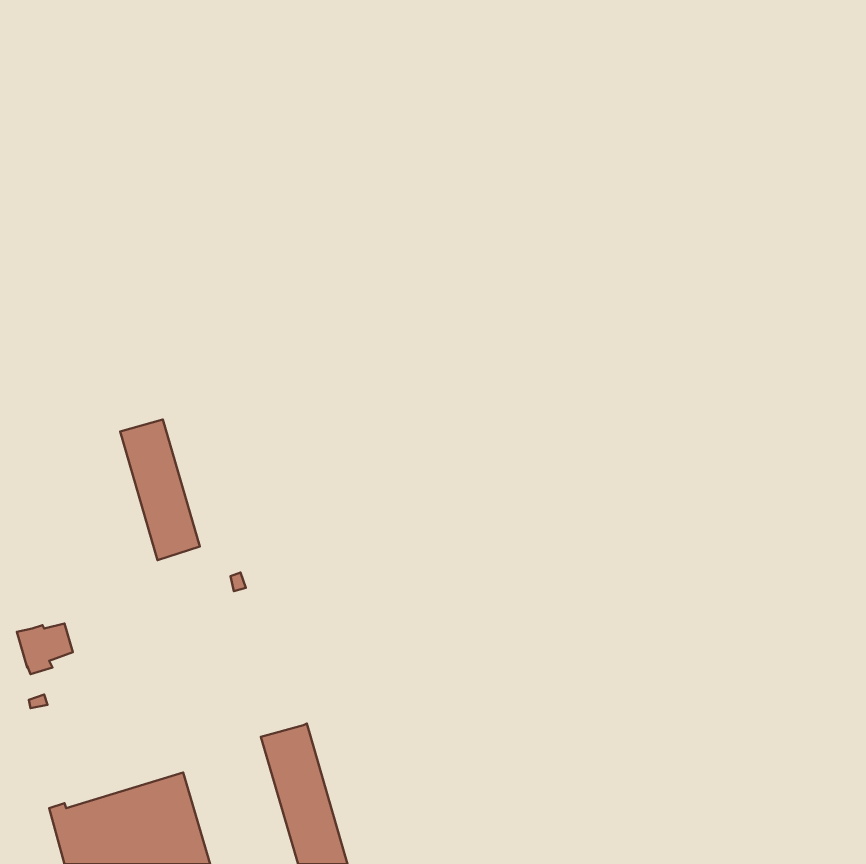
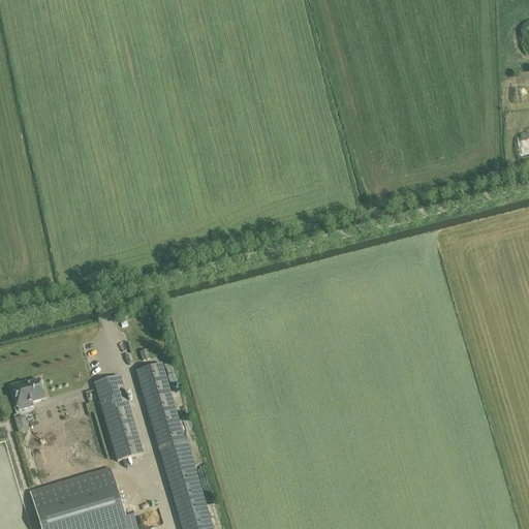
building: [120,419,200,560] -> [94,376,143,462]
building: none -> [136,364,185,449]

